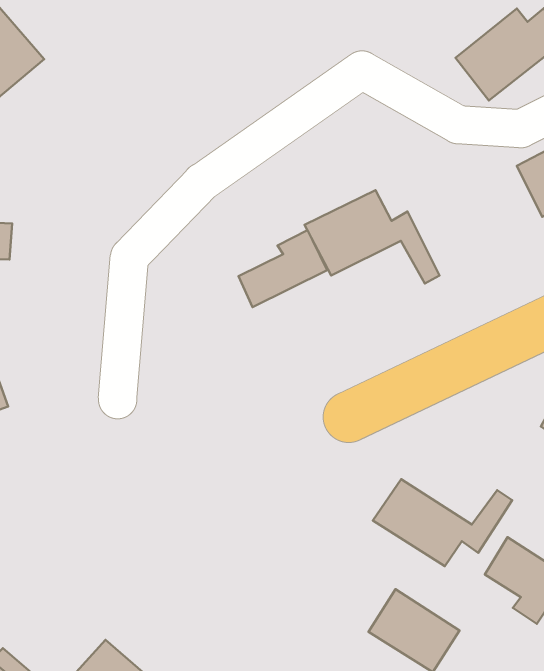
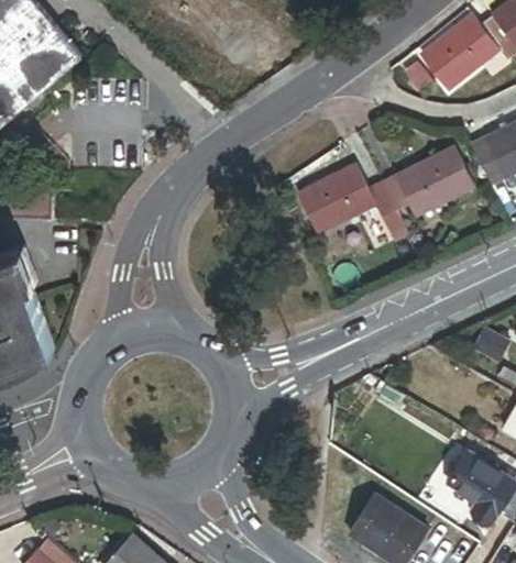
building: none -> [382,145,474,217]
building: [239,230,327,307] -> none
building: [373,479,512,566] -> none

